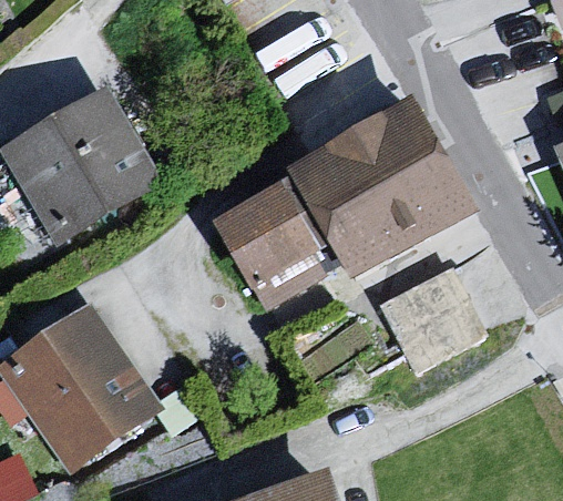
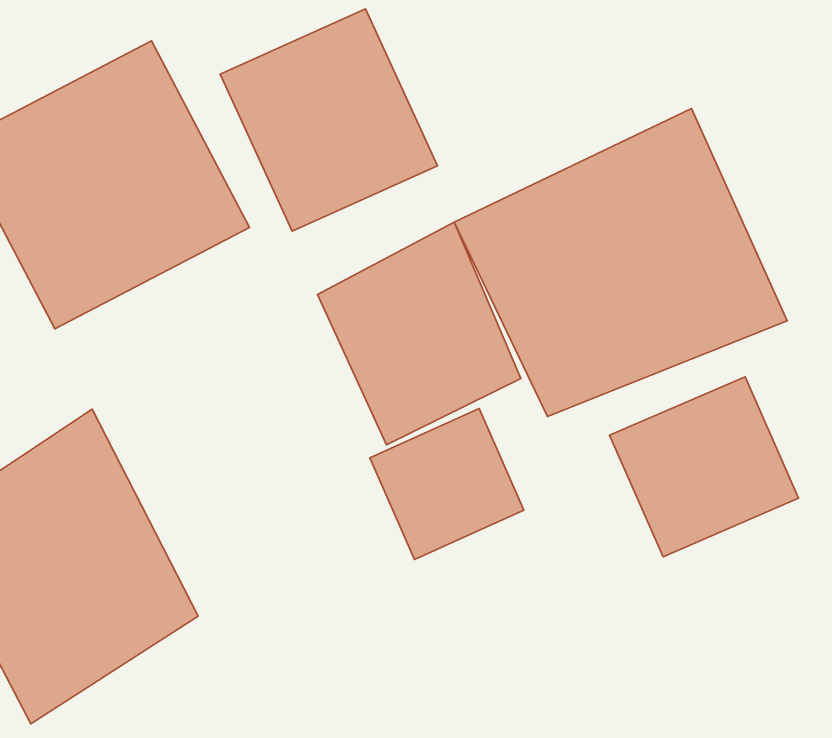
building: none -> [220,9,438,231]
building: none -> [370,409,524,559]

